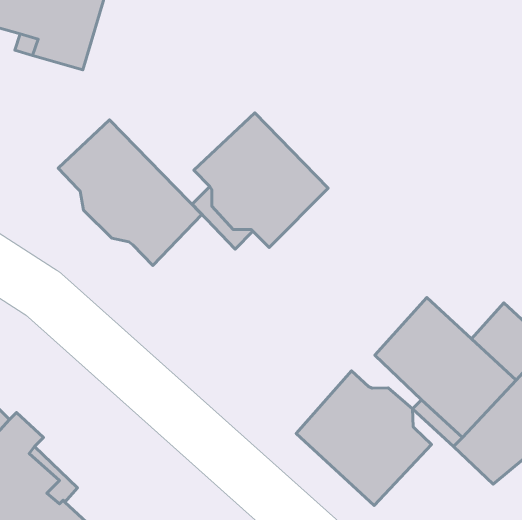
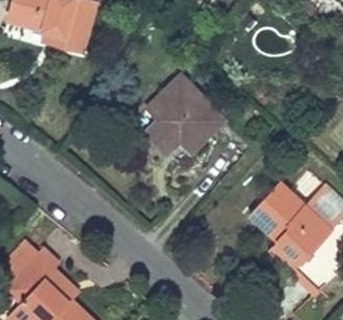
building: [58,120,202,265] -> none
building: [296,371,432,505] -> none

